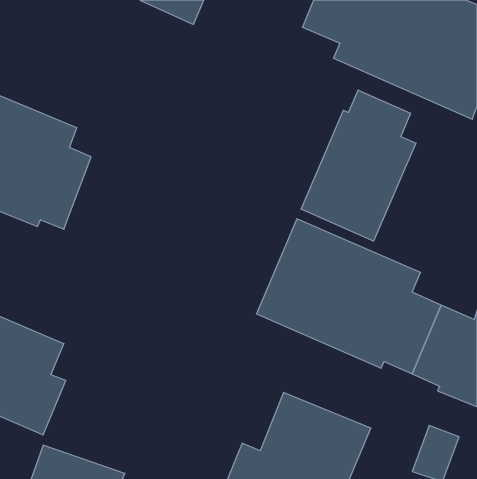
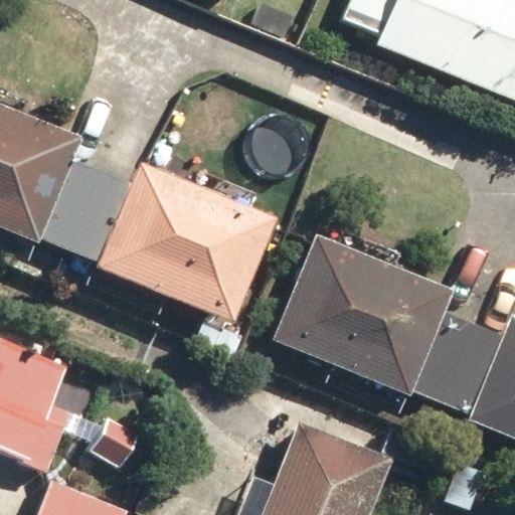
building: [301,90,416,241] -> none
building: none -> [68,158,280,323]

